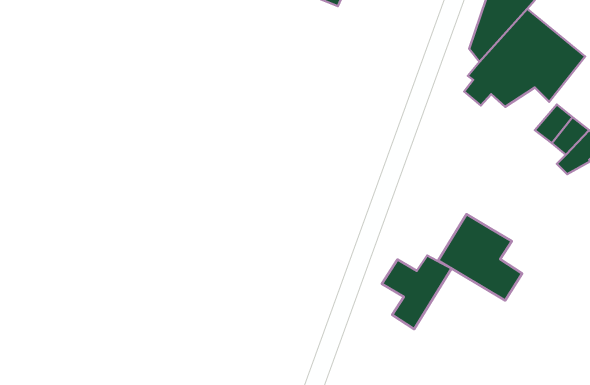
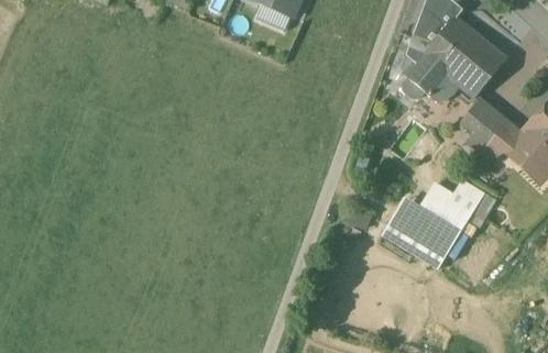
building: [382,256,452,329] -> [424,180,483,243]

